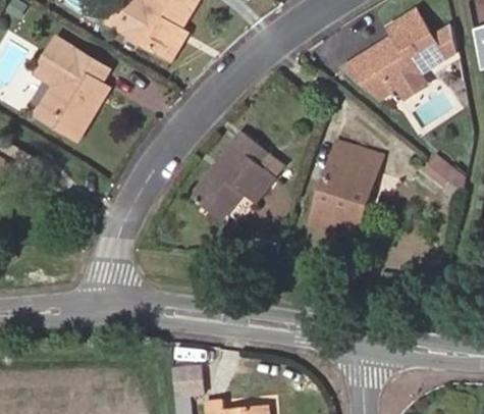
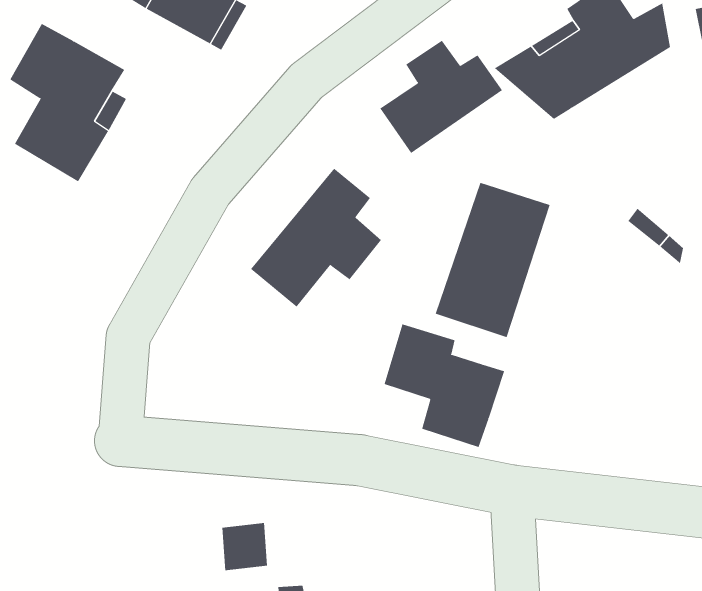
building: none -> [380,40,503,154]
building: none -> [384,324,505,448]

